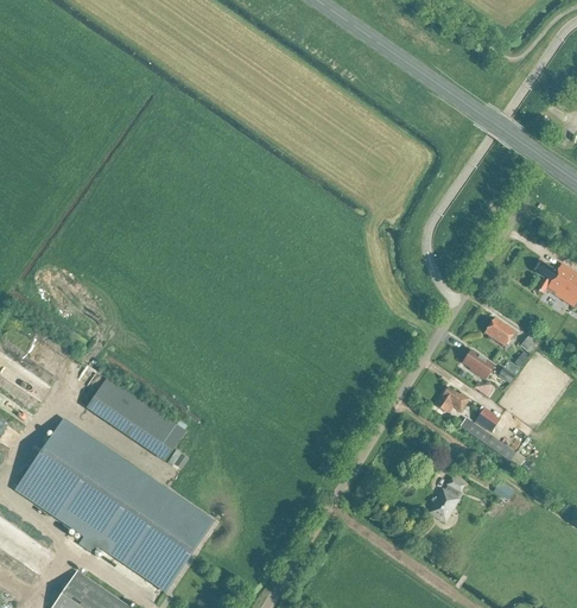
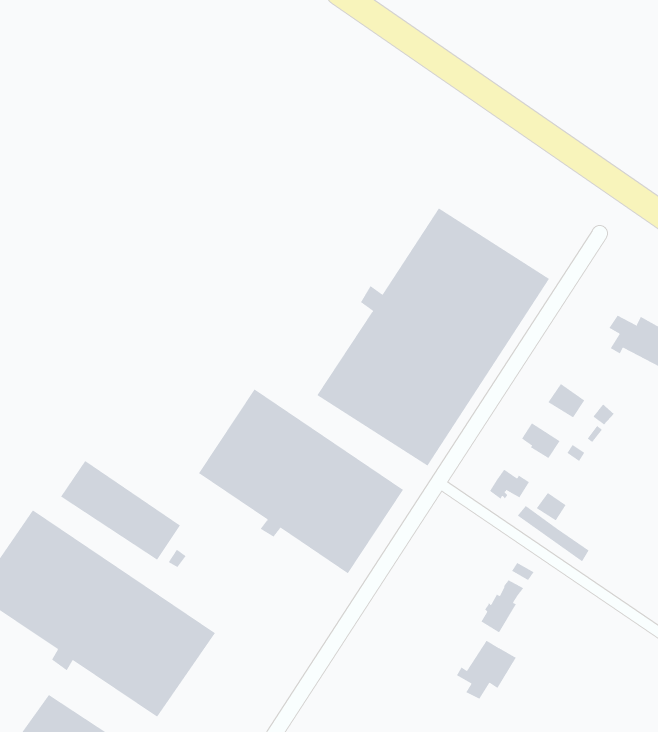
building: none -> [317,208,550,466]
building: none -> [198,389,404,574]
building: none -> [456,640,516,700]

